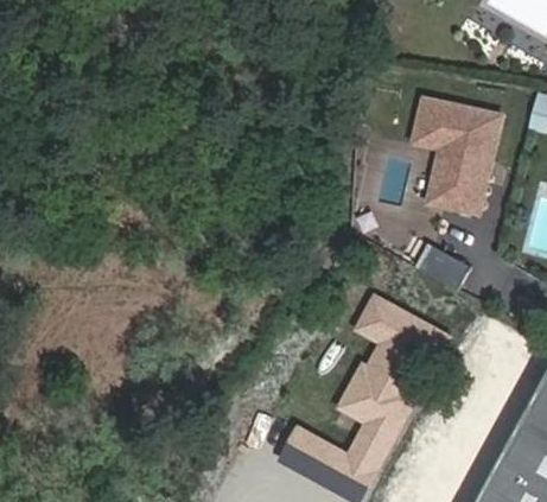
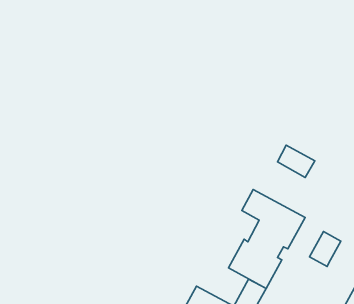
building: [407,94,495,209] -> none
building: none -> [310,232,341,267]

